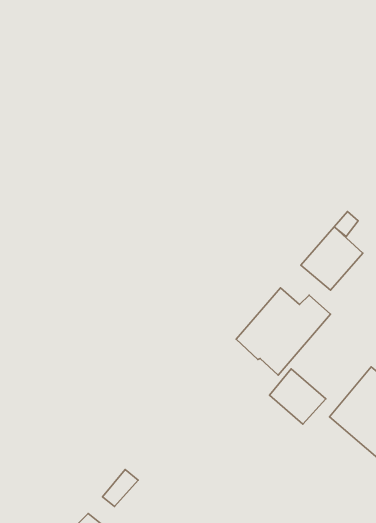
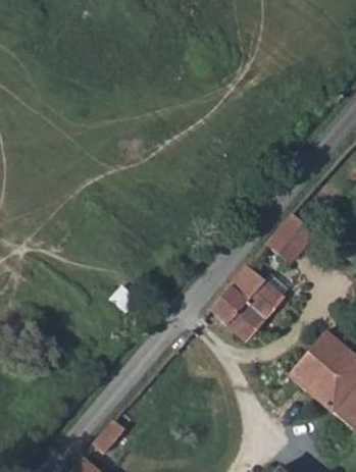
building: [269,369,326,424] -> none

